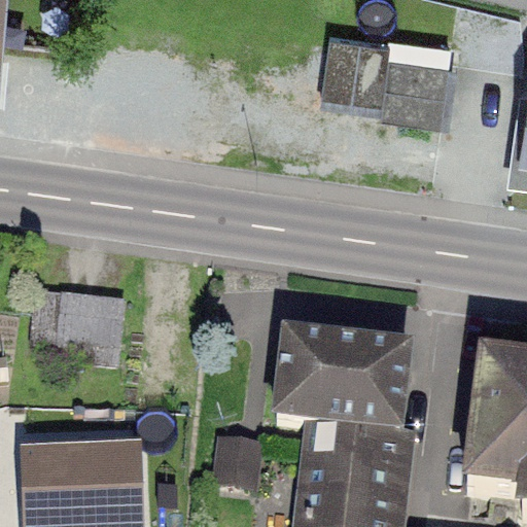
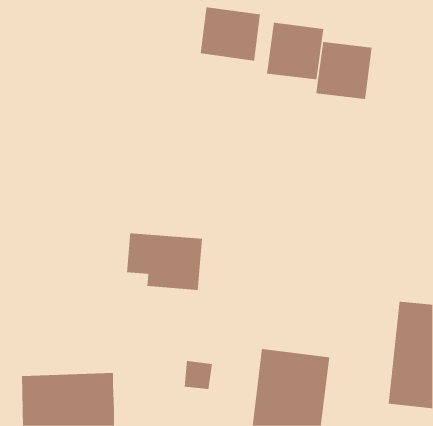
building: none -> [200,6,260,61]
building: [32,290,125,360] -> [126,233,203,290]
building: [280,339,409,432] -> none

